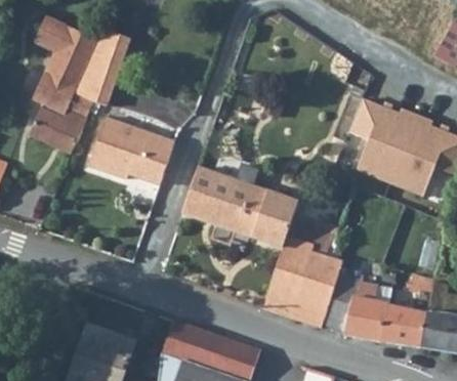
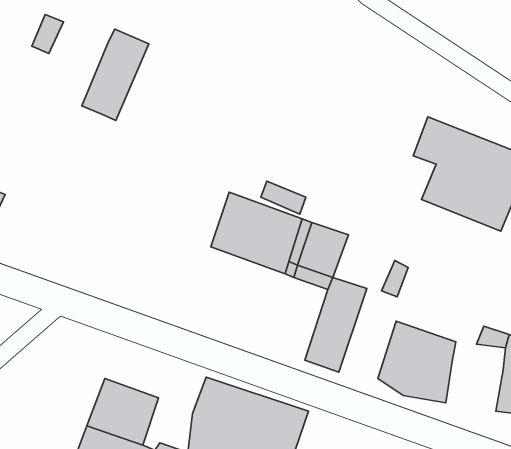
building: [28,23,95,153] -> none
building: [88,117,174,183] -> none
building: [289,251,341,326] -> none
building: [379,306,427,348] -> none

